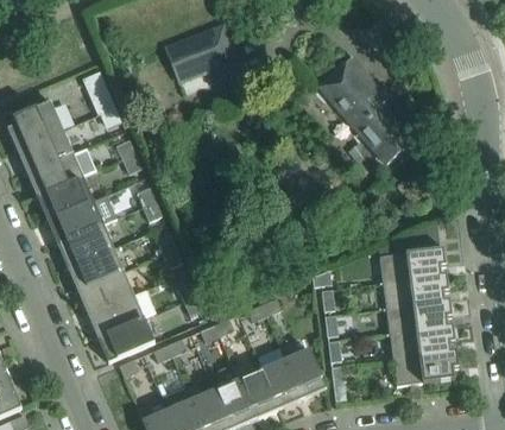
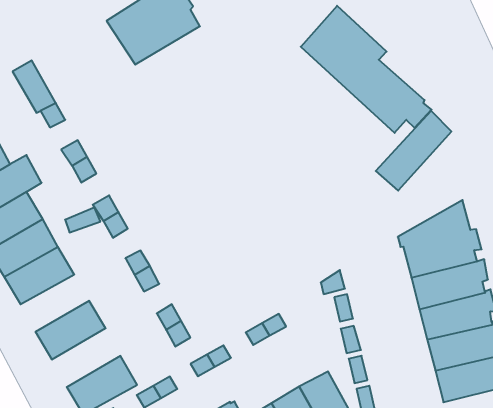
building: none -> [376,111,451,191]
building: [67,247,122,290] -> none
building: [87,289,154,337] -> none

